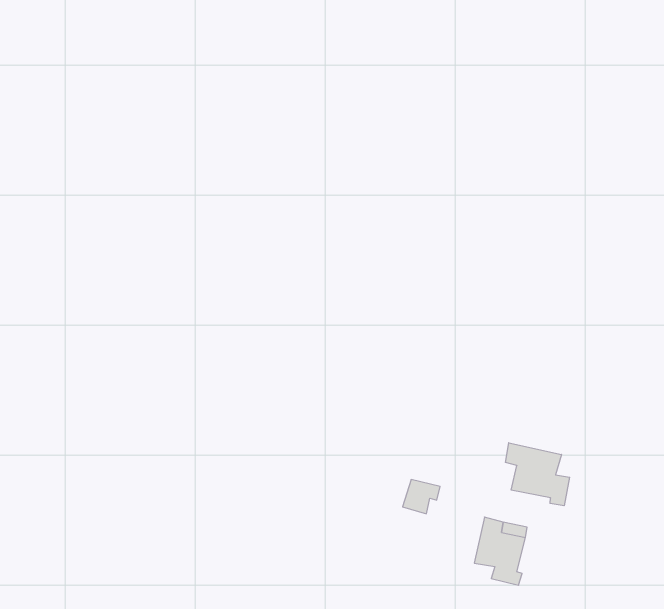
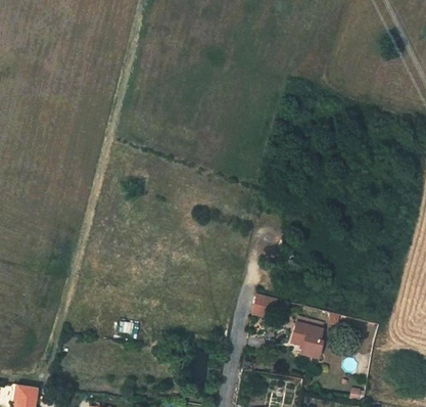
building: [505,443,570,506] -> none

